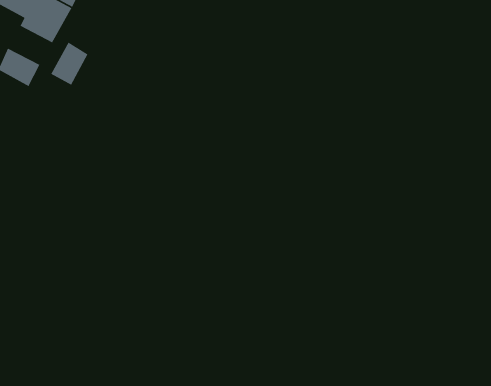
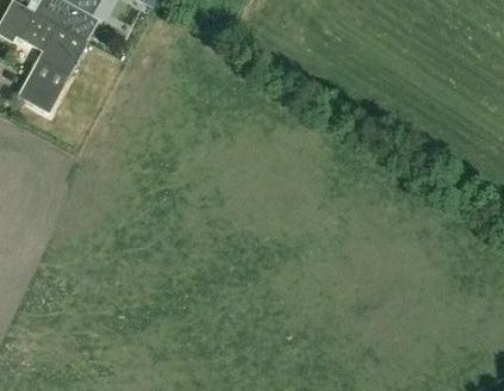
building: [50,42,88,86] -> none

